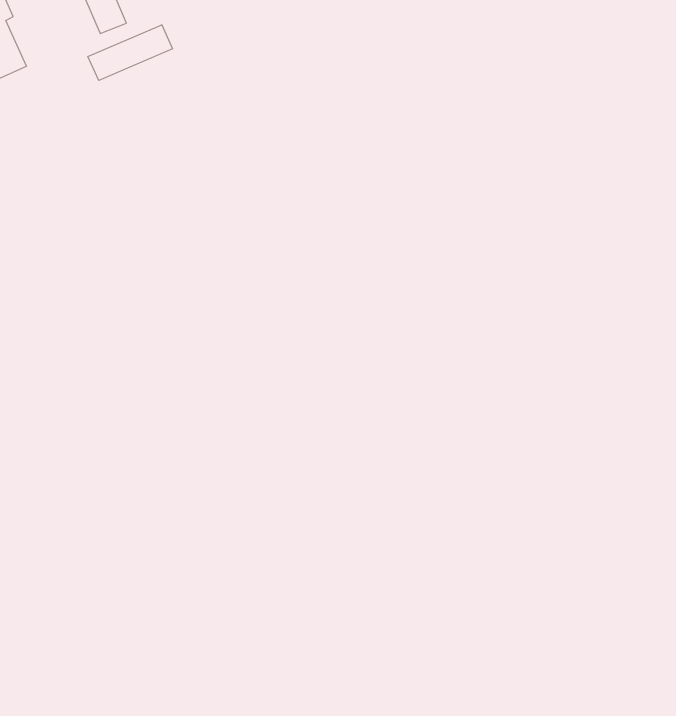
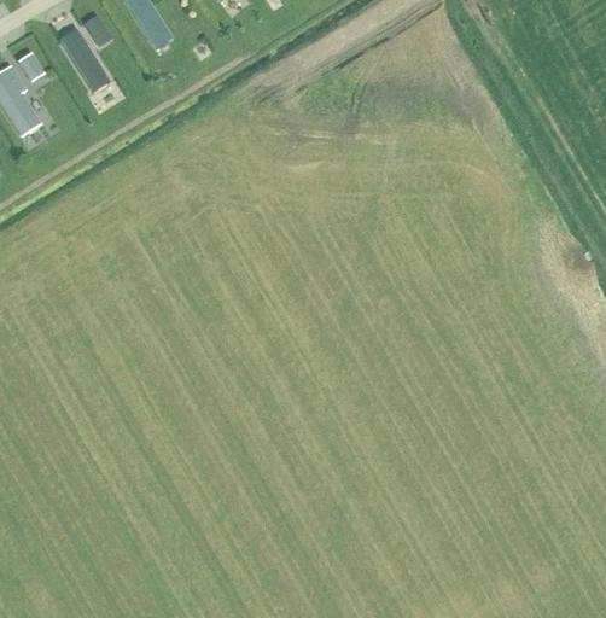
building: [88,25,173,80] -> none

